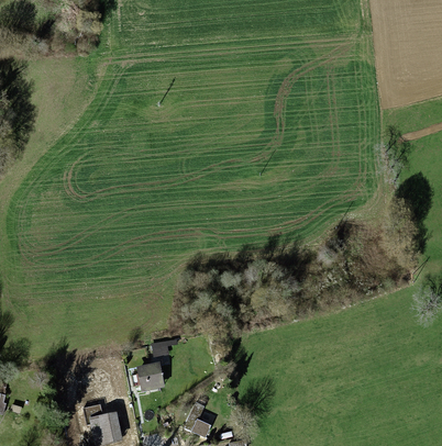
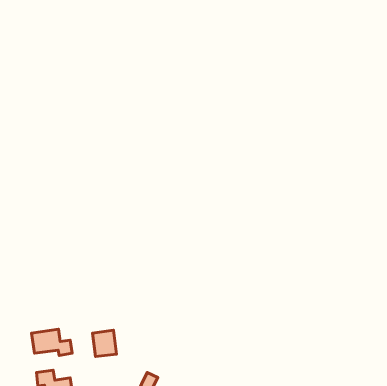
building: none -> [32,329,72,356]

